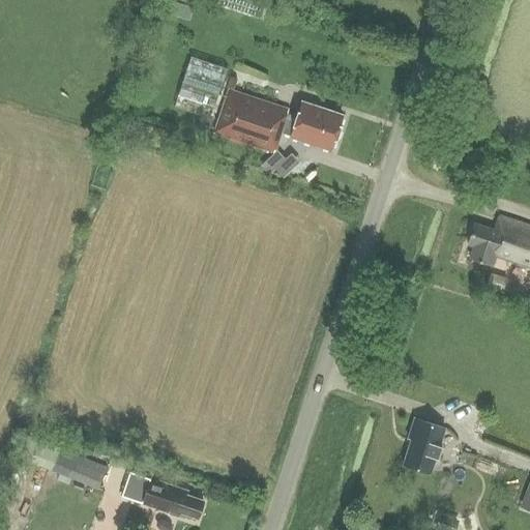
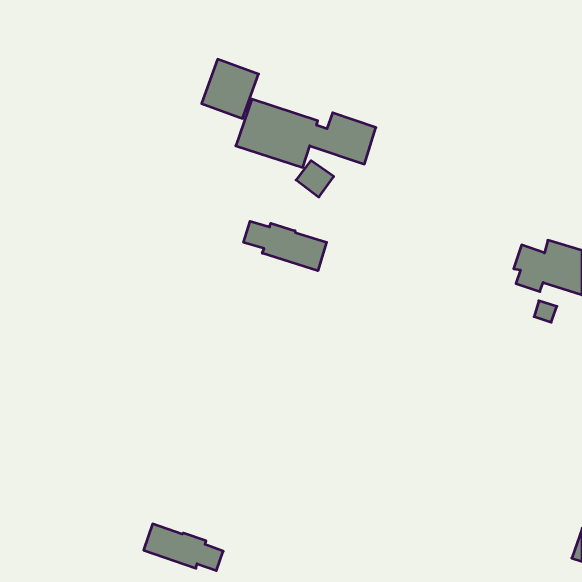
building: none -> [244,221,327,271]
building: [403,418,445,473] -> none
building: [67,462,105,490] -> none

